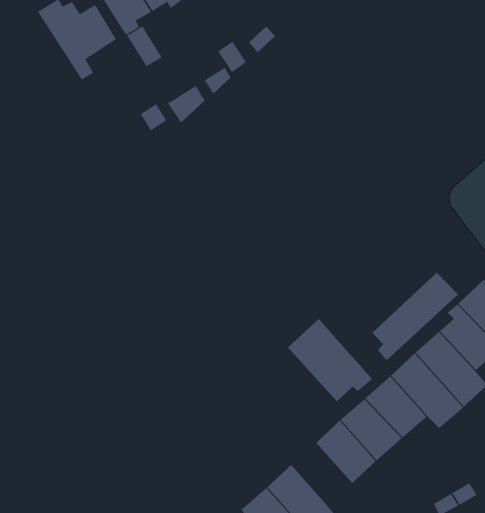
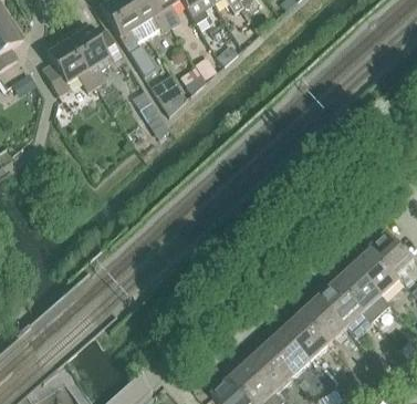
building: none -> [42,34,96,94]
building: [371,272,459,361] -> none
building: [287,318,373,402] -> none
building: none -> [248,346,292,392]

